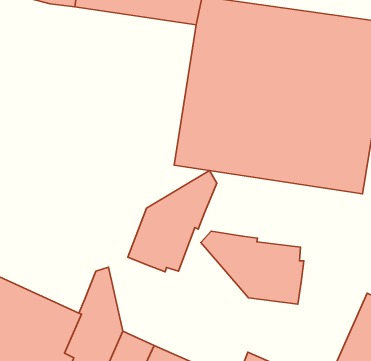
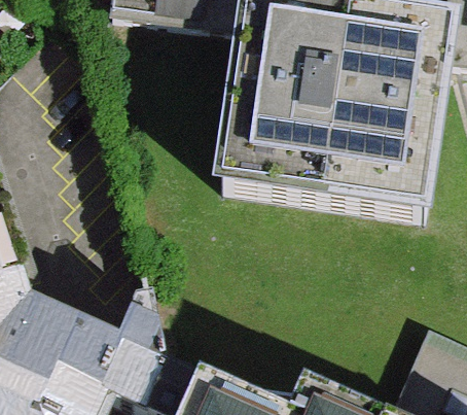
building: [128,170,217,272] -> none
building: [201,231,304,304] -> none

